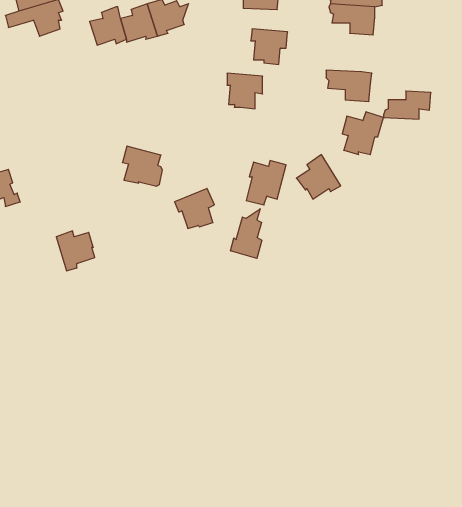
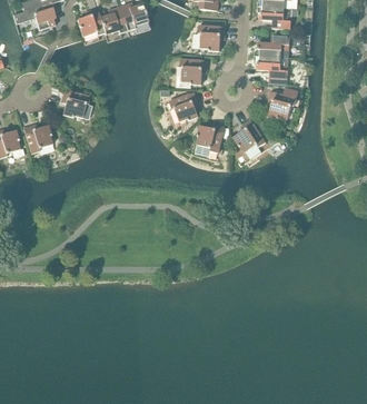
building: [384,91,431,119] -> [255,36,290,57]
building: [122,146,162,186] -> [61,89,91,119]
building: [175,188,214,228] -> [169,91,199,121]
building: [231,209,262,258] -> none
building: [56,231,95,271] -> [23,124,52,154]

